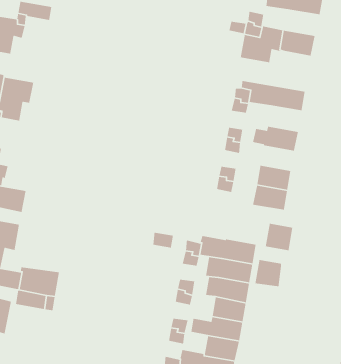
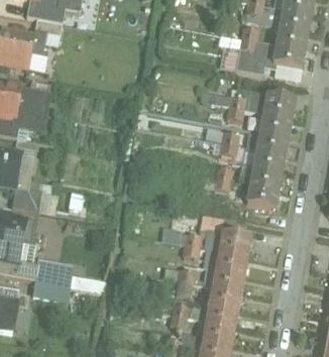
building: none -> [275,25,308,48]
building: none -> [260,112,292,135]
building: none -> [253,148,285,170]
building: [265,223,293,251] -> none
building: [255,259,282,287] -> none

